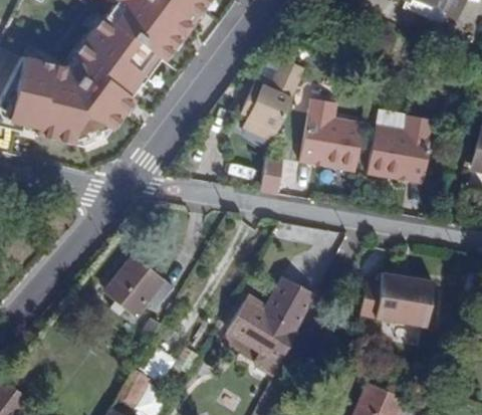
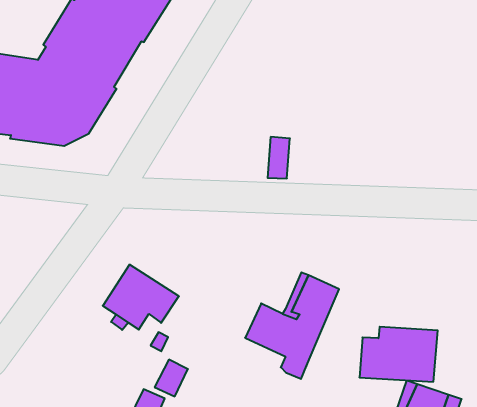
building: [242,64,303,140] -> none
building: [300,97,365,171] -> none
building: [369,110,435,183] -> none
building: [360,273,434,327] -> [359,327,438,382]

